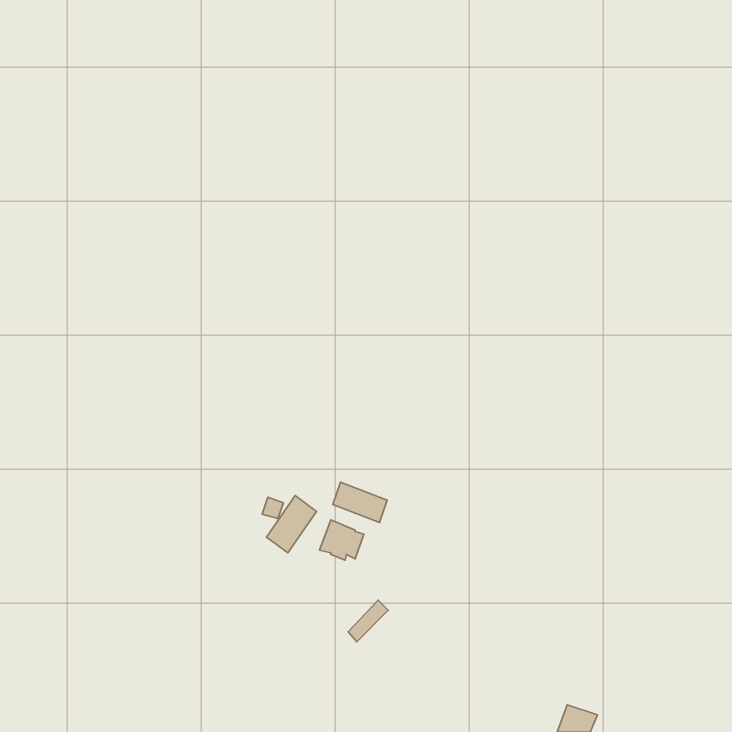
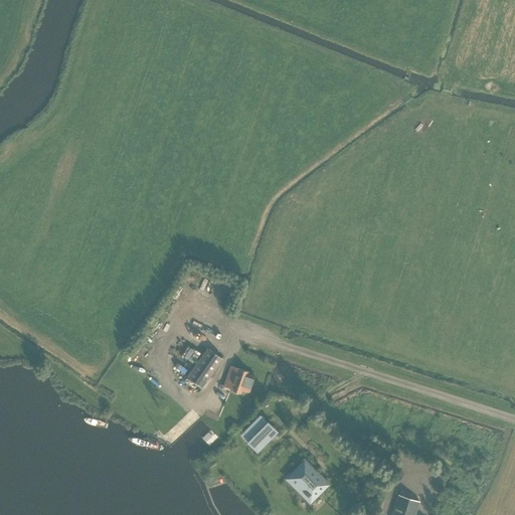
building: [333,482,387,523] -> none
building: none -> [282,460,328,505]

